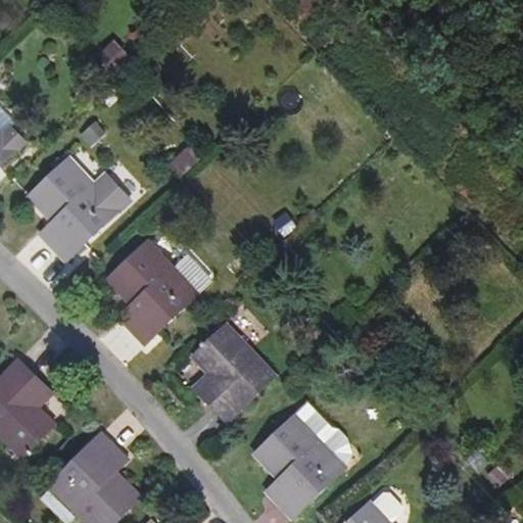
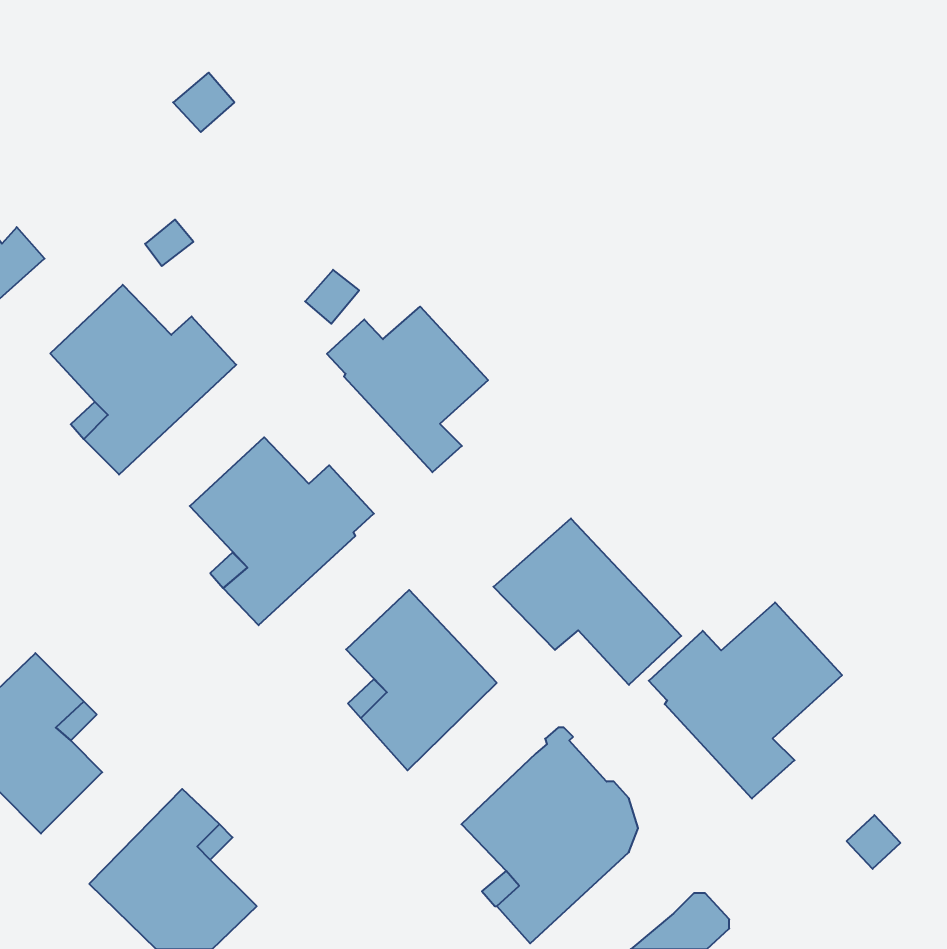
building: none -> [327,307,488,472]
building: none -> [493,518,681,685]
building: none -> [649,602,842,799]

